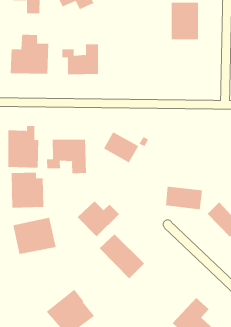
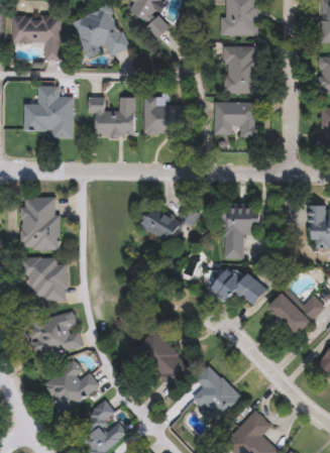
building: none -> [143,97,186,133]
building: none -> [214,102,256,136]
building: none -> [223,205,259,258]
building: [46,139,86,174] -> none
building: [77,200,120,237] -> none
building: none -> [41,359,100,414]
building: none -> [193,365,244,424]

